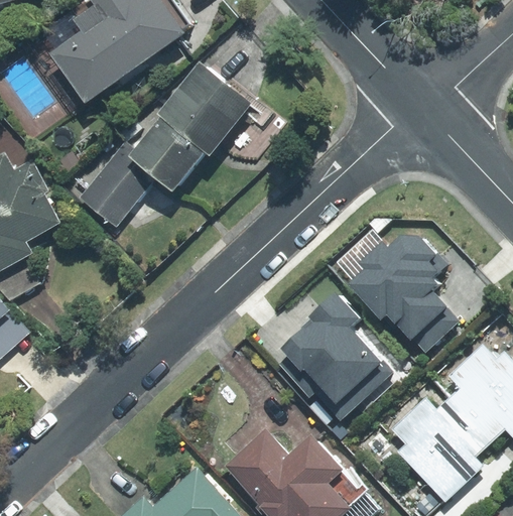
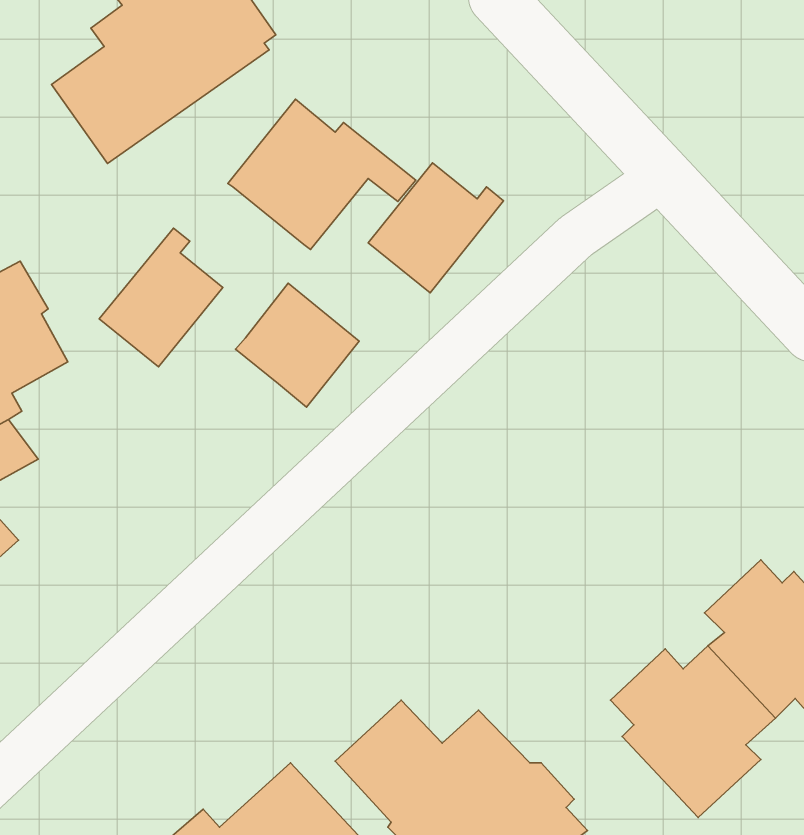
building: none -> [368,163,504,293]
building: [128,116,204,191] -> [236,283,359,407]
building: [338,232,457,352] -> none
building: [279,292,393,420] -> none

